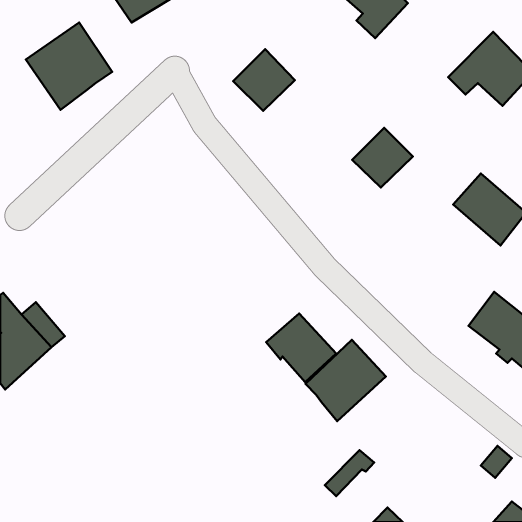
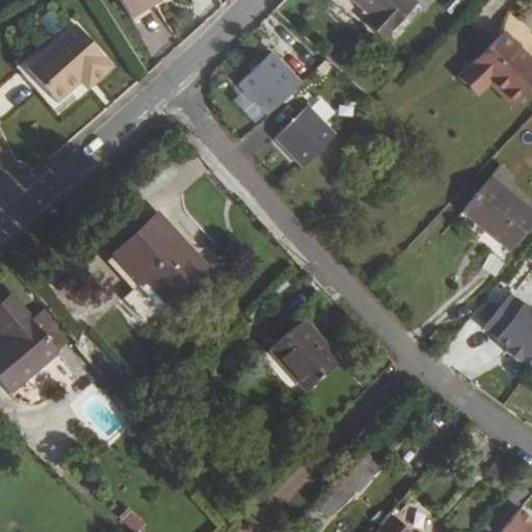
building: [352,128,413,187] -> [273,107,335,167]
building: none -> [116,212,203,300]
building: [306,340,386,421] -> none

